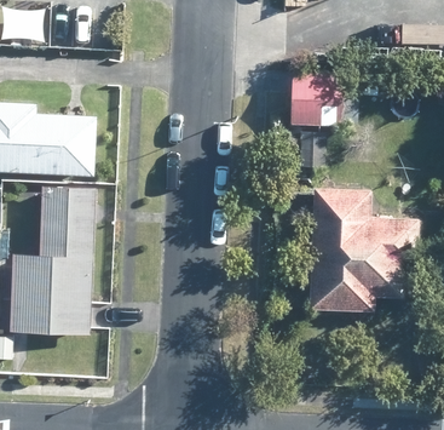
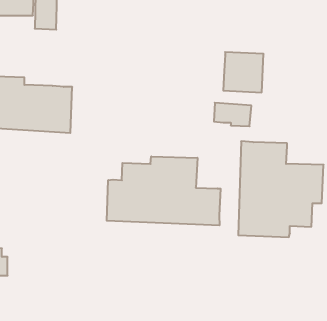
building: [11,185,94,333] -> none
building: none -> [107,156,221,225]

